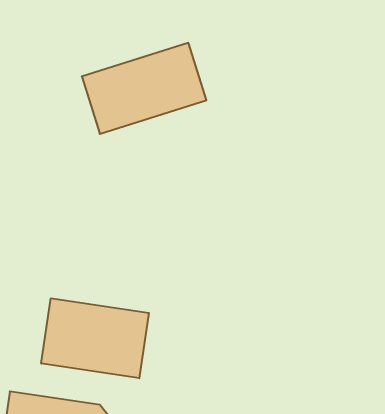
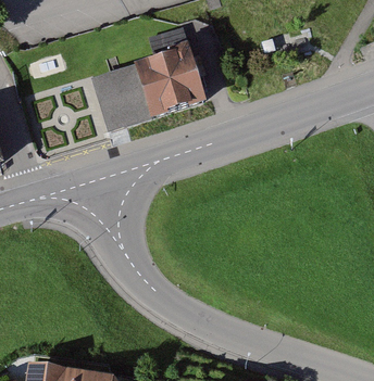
building: [41,298,149,378] -> none

